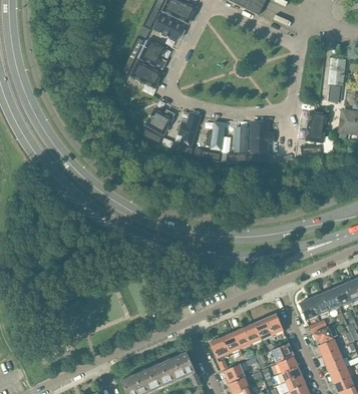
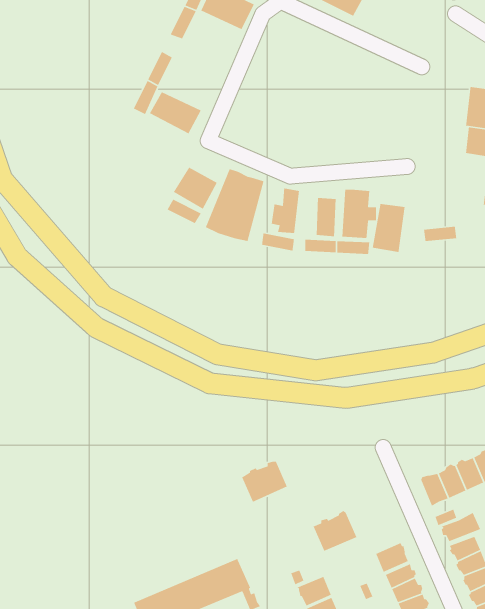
building: [153,14,184,40] -> none
building: [139,39,168,68] -> none
building: [305,111,326,142] -> [372,203,406,253]
building: [253,314,283,340] -> none
building: [210,333,239,359] -> [241,461,288,503]

